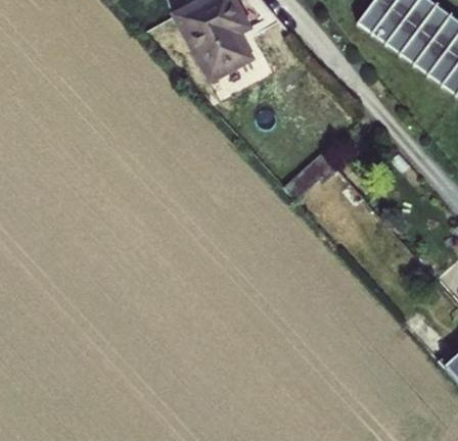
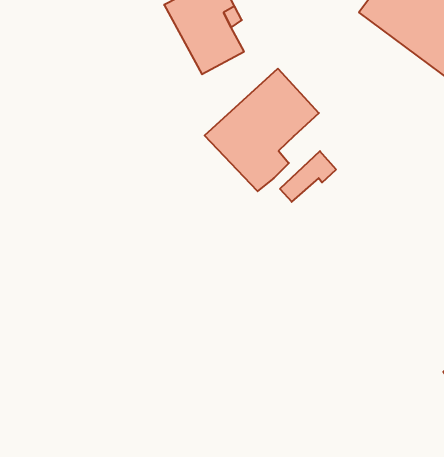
building: none -> [205,69,319,191]

